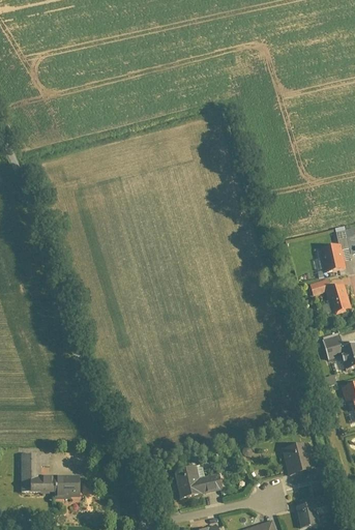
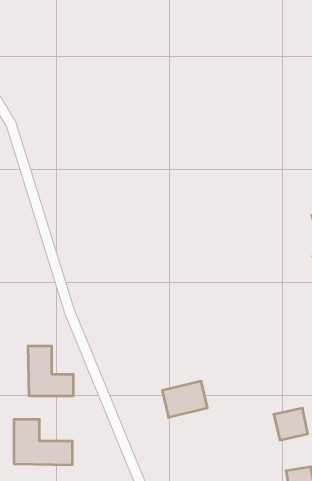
building: none -> [28,346,73,396]
building: [175,461,220,497] -> [162,381,207,417]

